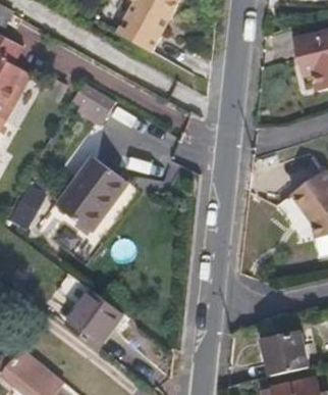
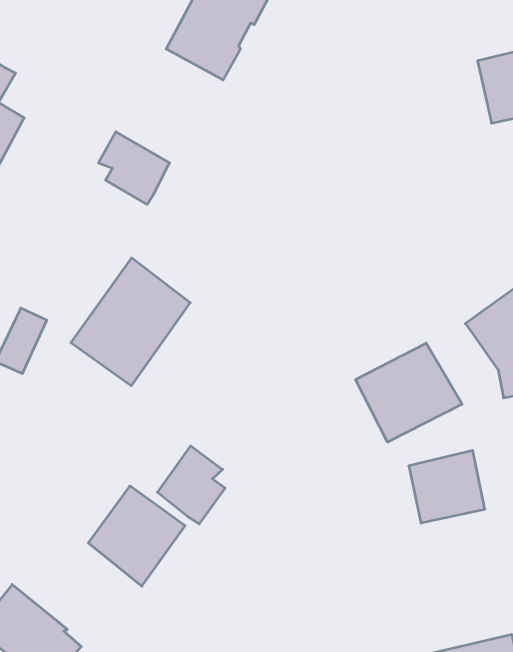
building: none -> [356,343,462,442]
building: none -> [157,446,225,524]
building: [264,334,309,377] -> [409,450,485,523]

